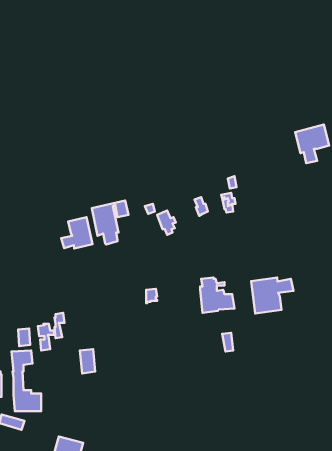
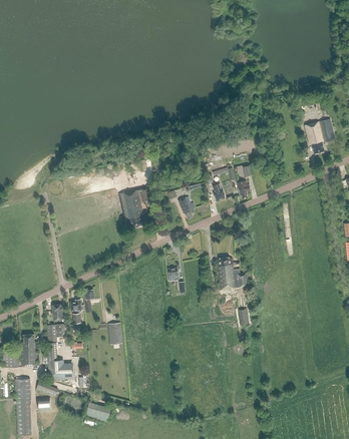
building: [61,217,93,248] -> none
building: [251,278,293,313] -> none

